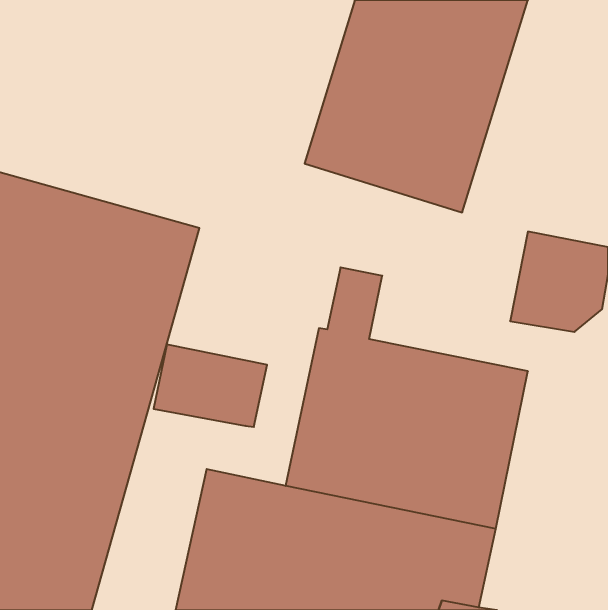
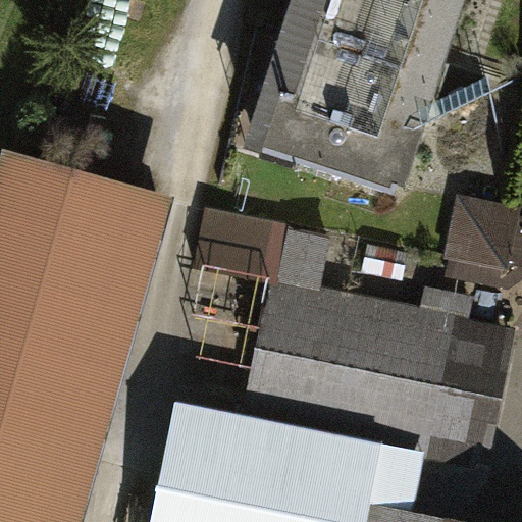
building: [154,345,267,427] -> [194,211,291,281]
building: none -> [423,317,514,462]

